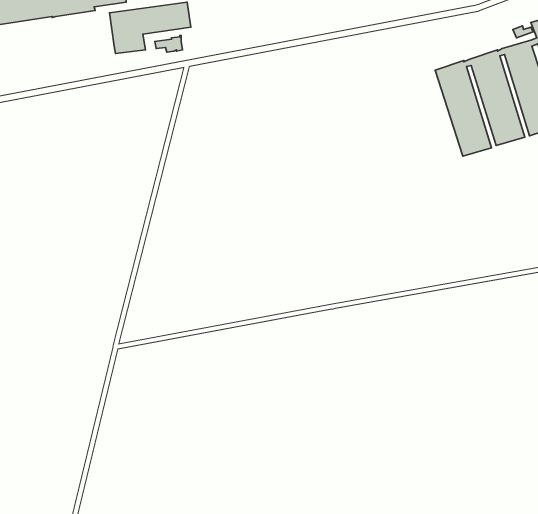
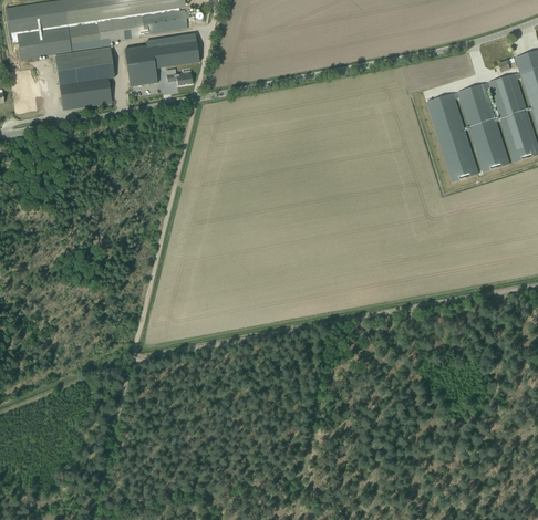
building: none -> [54,48,115,104]

